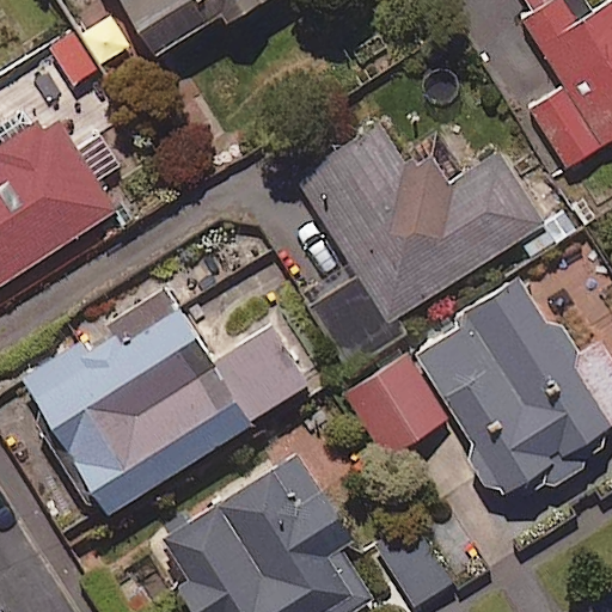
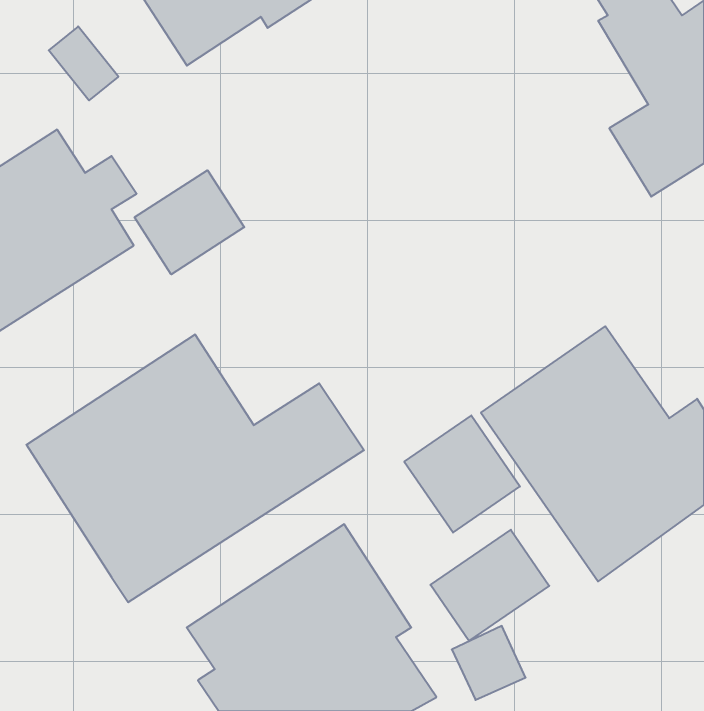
building: [299,129,544,363] -> none
building: none -> [135,170,244,274]
building: none -> [430,530,549,641]

